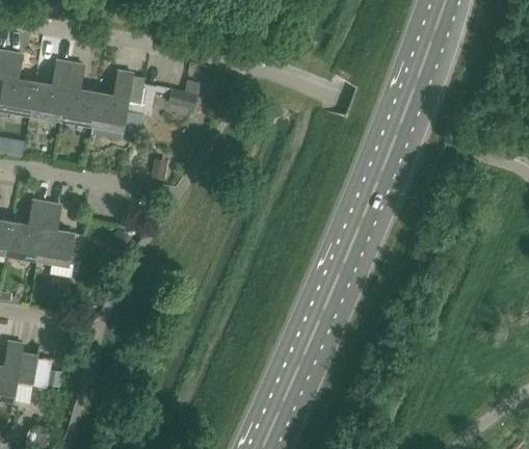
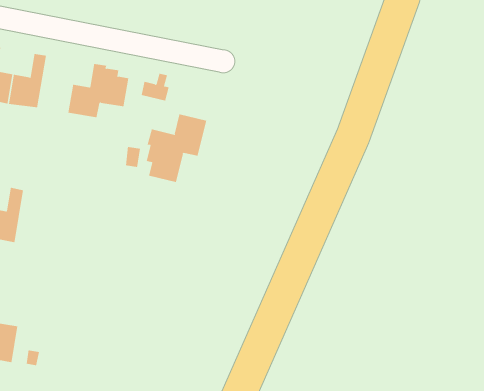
building: [60,61,97,122] -> none
building: none -> [146,113,207,183]
building: [36,203,74,275] -> none

